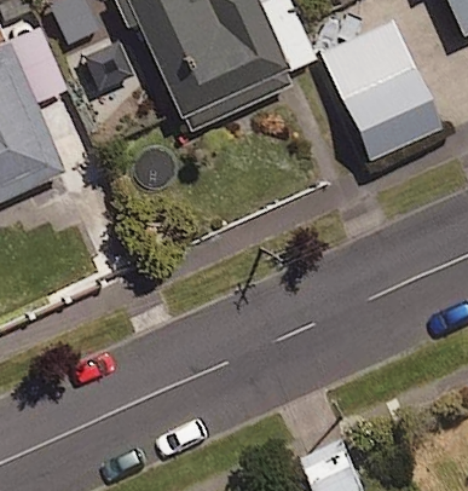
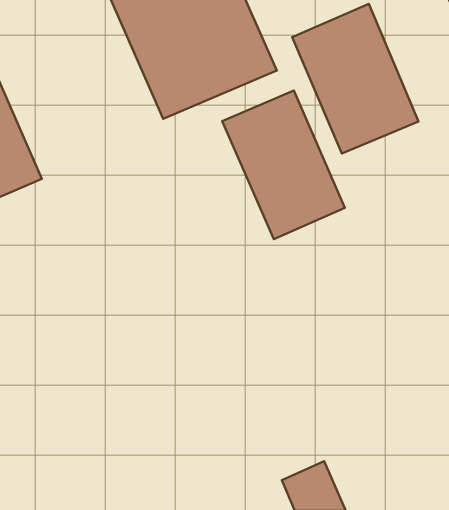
building: none -> [222,90,345,239]

